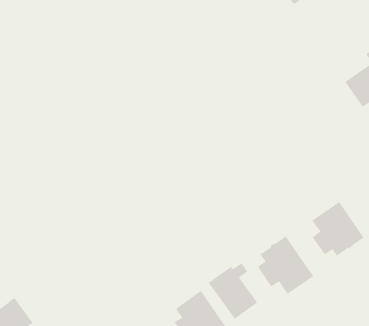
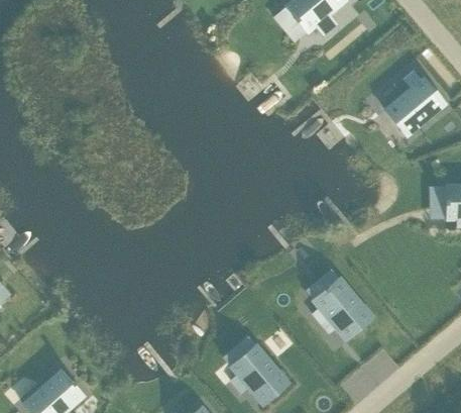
building: [312,201,364,257] -> none
building: [208,263,258,319] -> none

